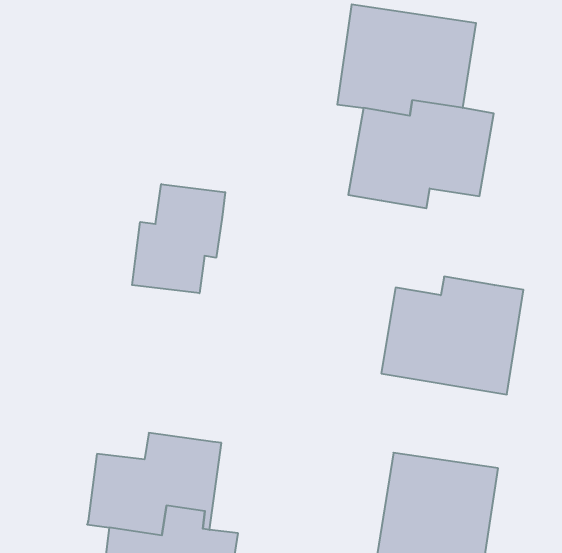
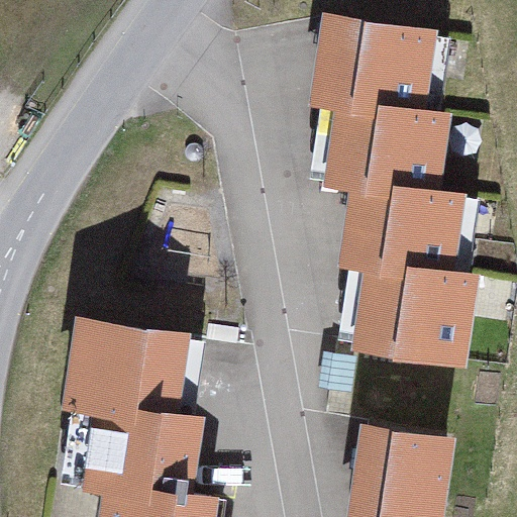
building: [132,184,225,293] -> none
building: none -> [336,182,467,280]
building: none -> [60,317,204,487]

